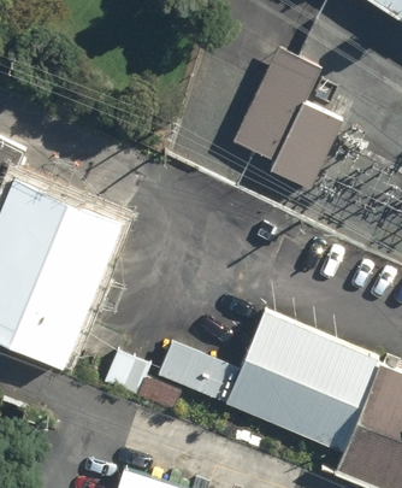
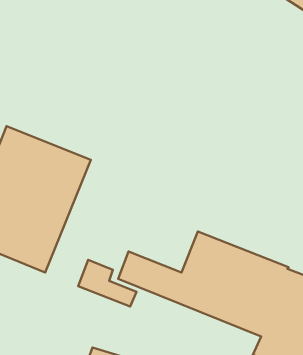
building: [235,46,343,187] -> none

